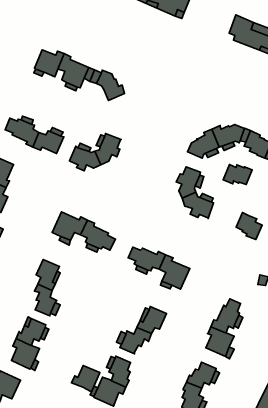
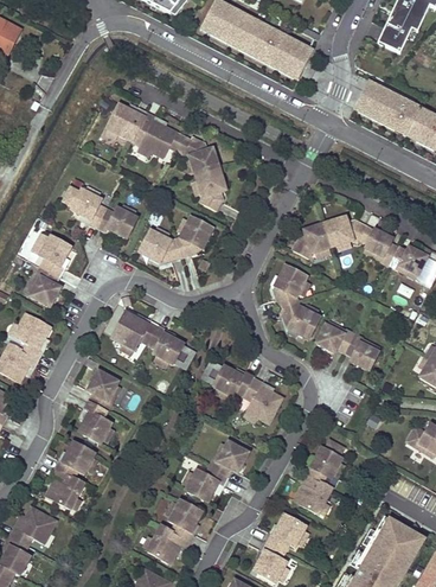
building: none -> [197,167,223,209]
building: [223,164,252,185] -> [316,321,354,349]
building: [71,366,100,392] -> none

